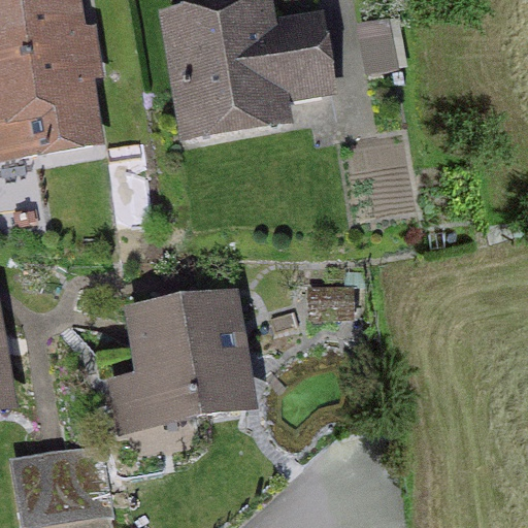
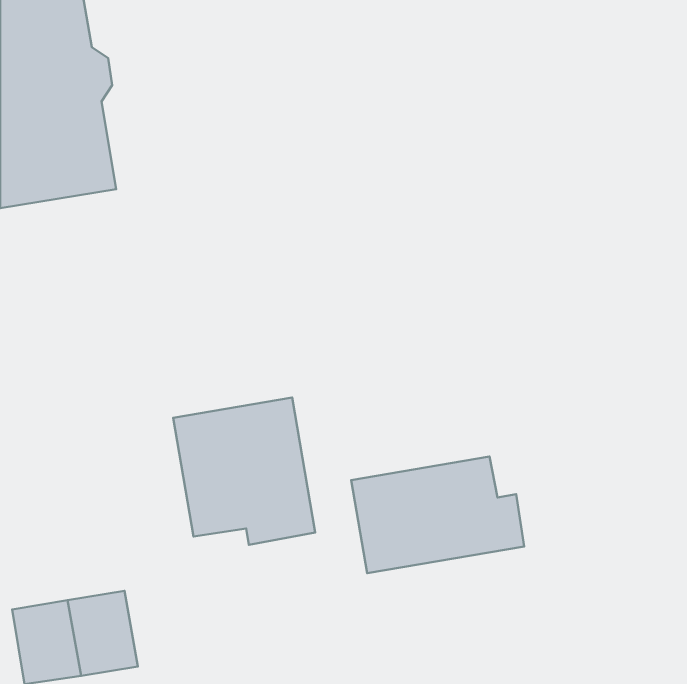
building: [170,10,325,133] -> none
building: none -> [351,456,524,573]

